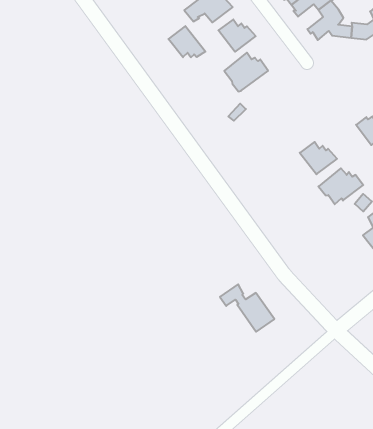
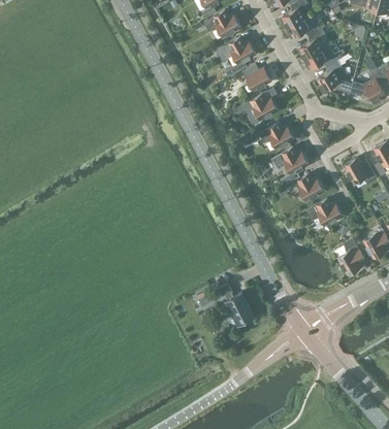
building: [168,26,205,57] -> none
building: none -> [259,122,295,148]
building: none -> [271,147,310,174]

